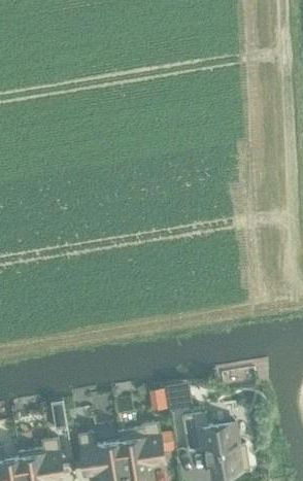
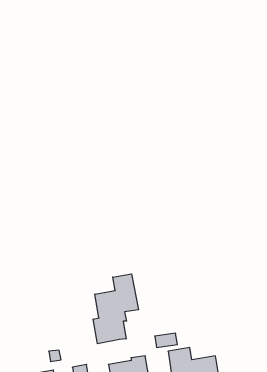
building: none -> [93,274,138,344]

